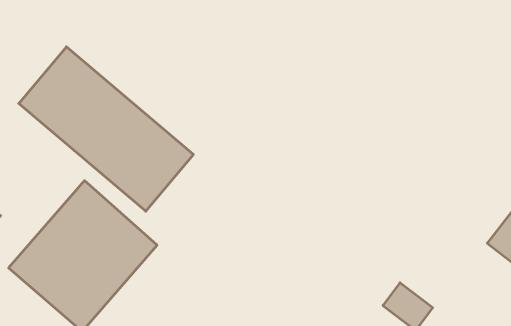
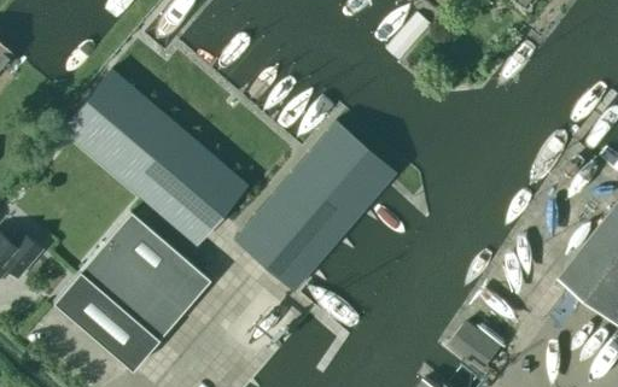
building: none -> [234,123,395,292]

